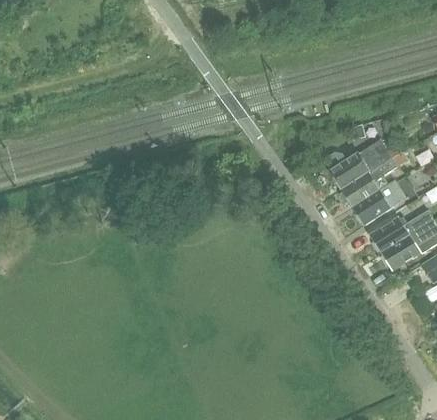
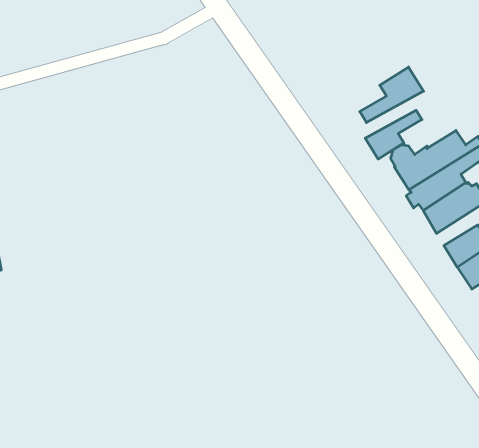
building: none -> [360,67,424,123]
building: none -> [365,110,422,159]

